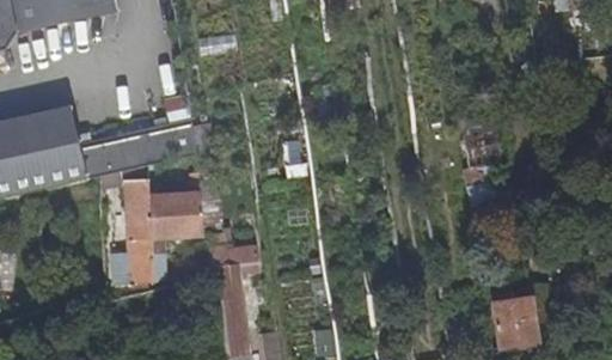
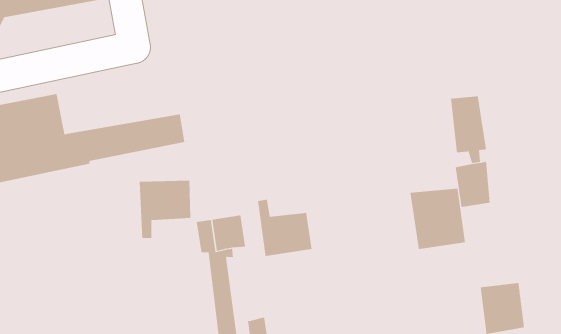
building: [126,181,153,282] -> none
building: none -> [410,188,466,250]
building: none -> [257,199,312,257]

